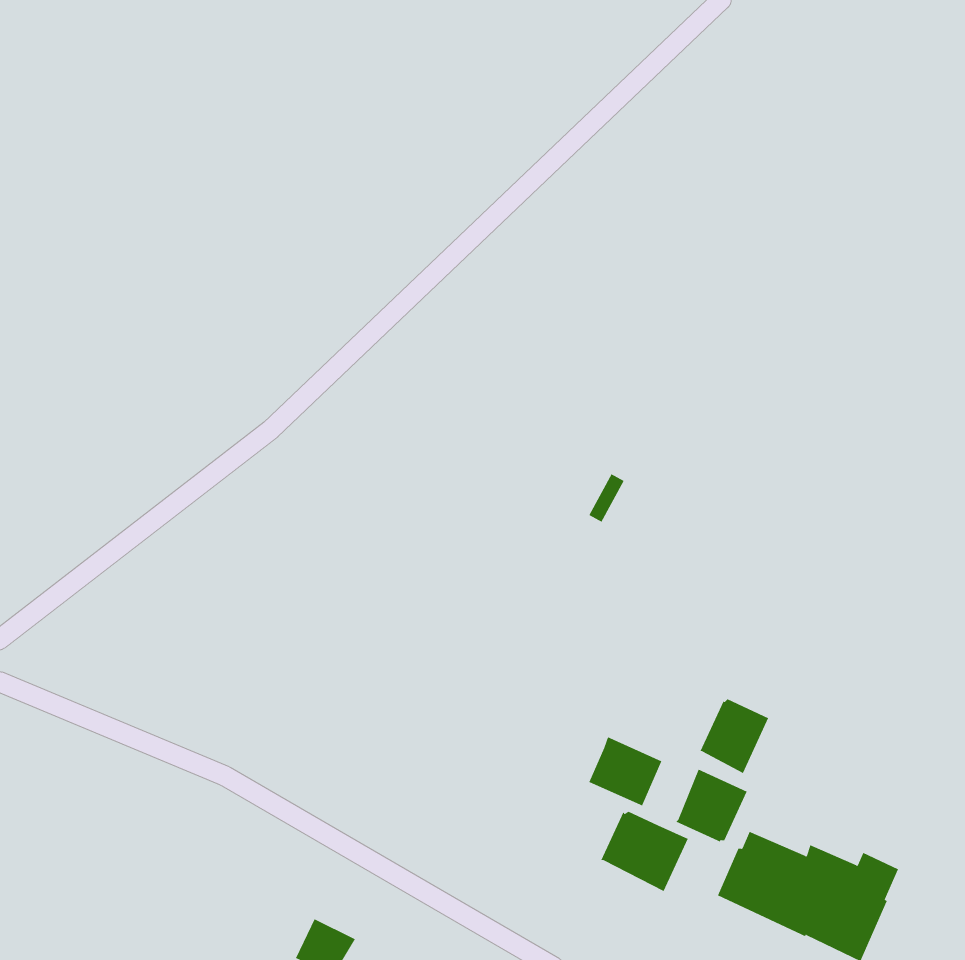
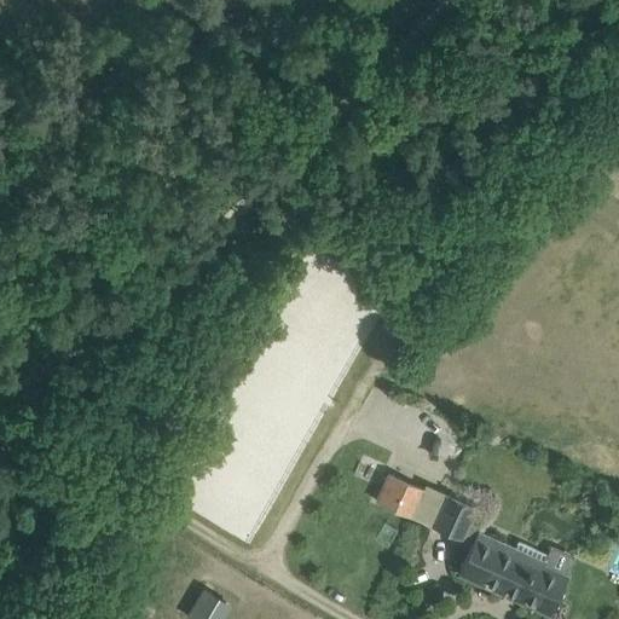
building: [700,698,769,774] -> none
building: [600,811,688,892] -> none

